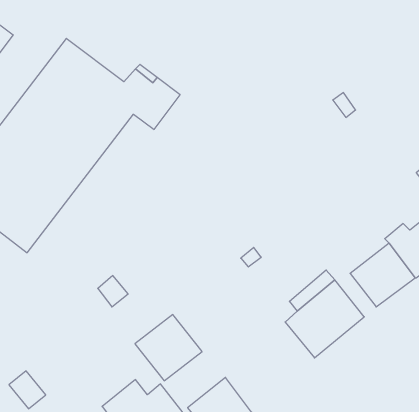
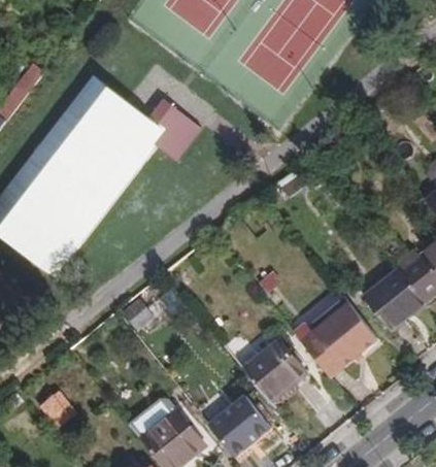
building: [135,315,202,381] -> [242,340,306,403]

